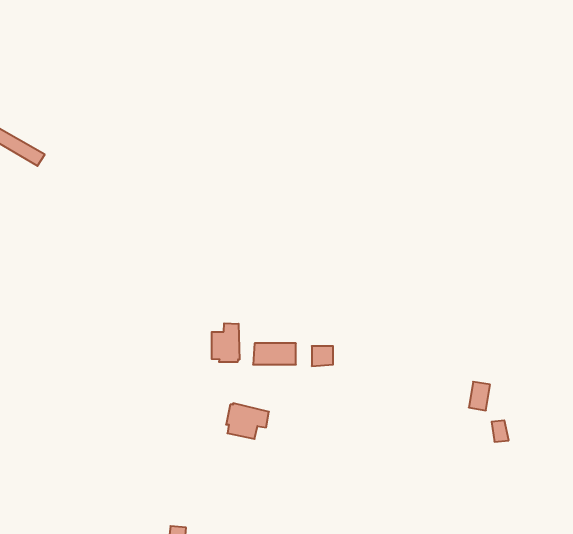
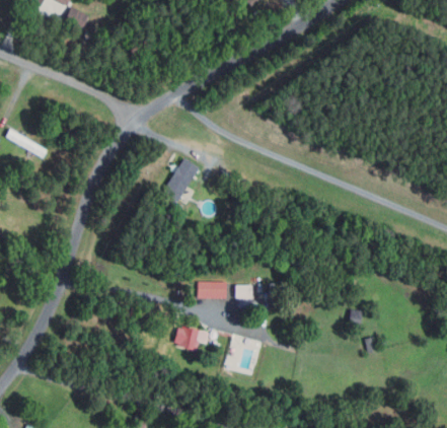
building: none -> [160,157,200,203]
building: [212,323,239,362] -> none

